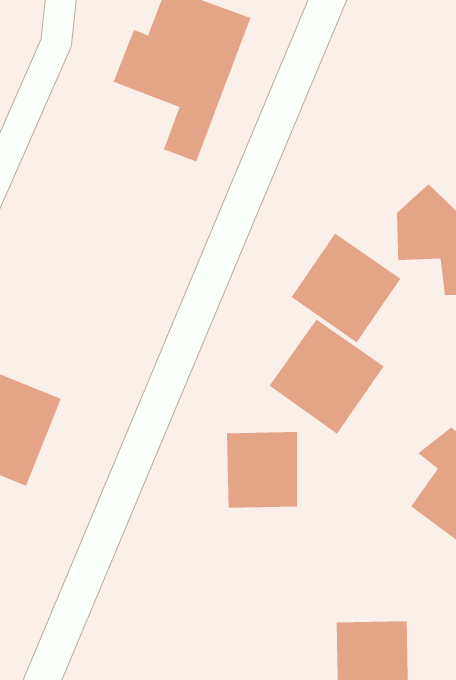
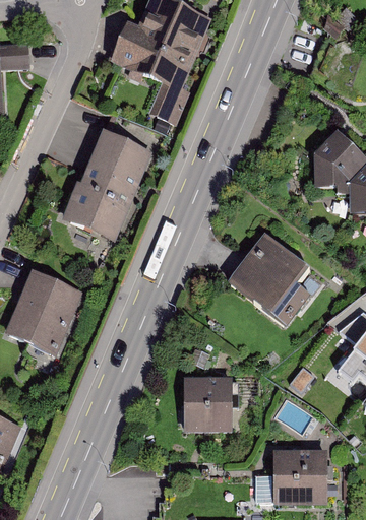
building: none -> [66,131,151,237]
building: [290,232,401,343] -> none
building: [226,431,298,509] -> [186,376,238,432]

